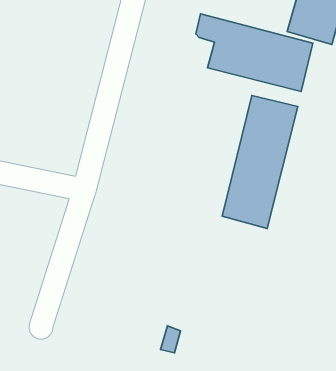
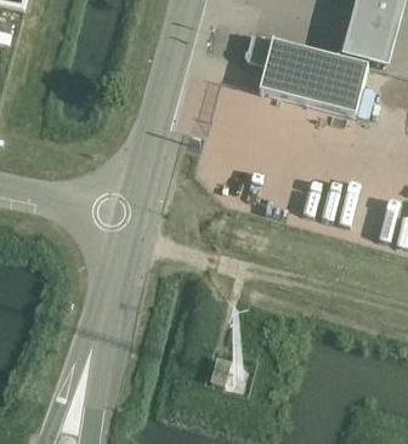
building: [222,95,298,228] -> none

